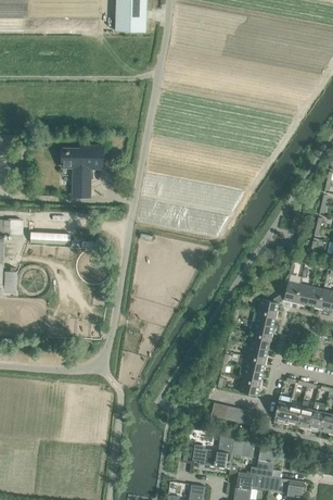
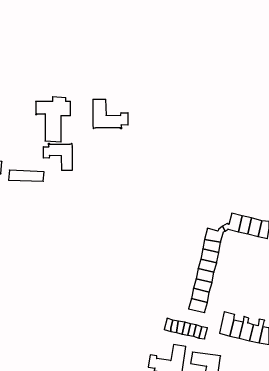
building: none -> [93,99,128,129]
building: none -> [43,143,72,170]

